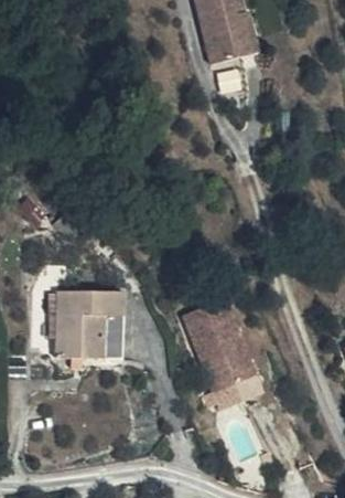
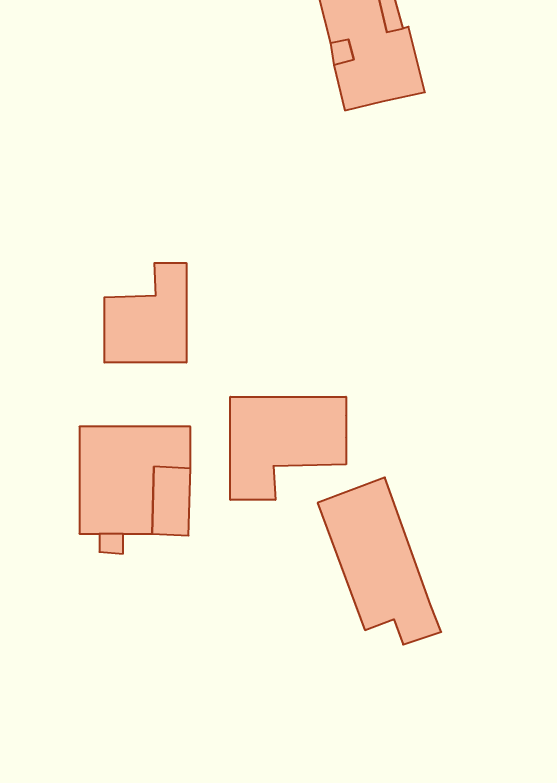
building: none -> [104,263,186,363]
building: none -> [230,397,346,500]

